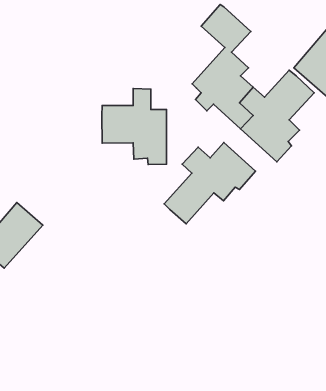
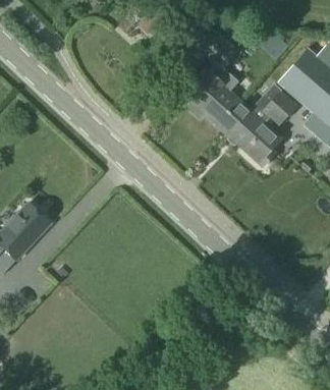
building: [102,88,167,164] -> none
building: [164,143,256,224] -> none

